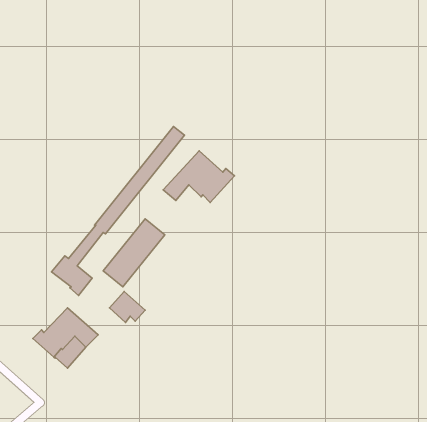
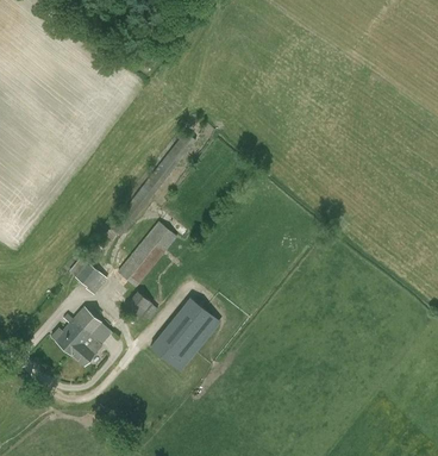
building: [163,151,235,203] -> none
building: none -> [148,296,219,373]

